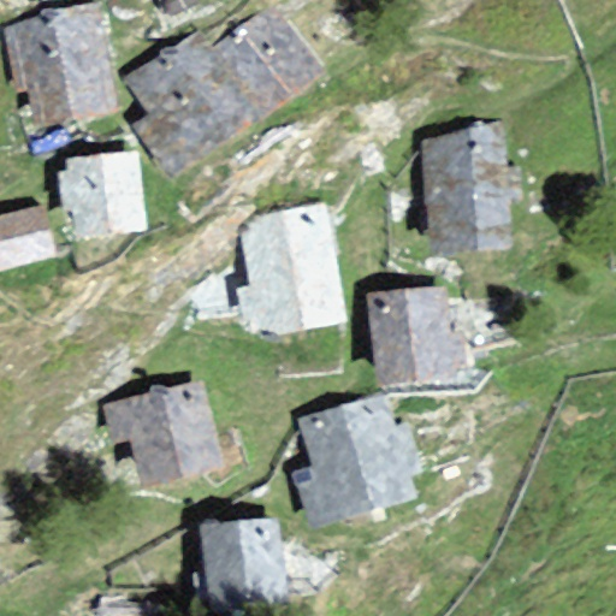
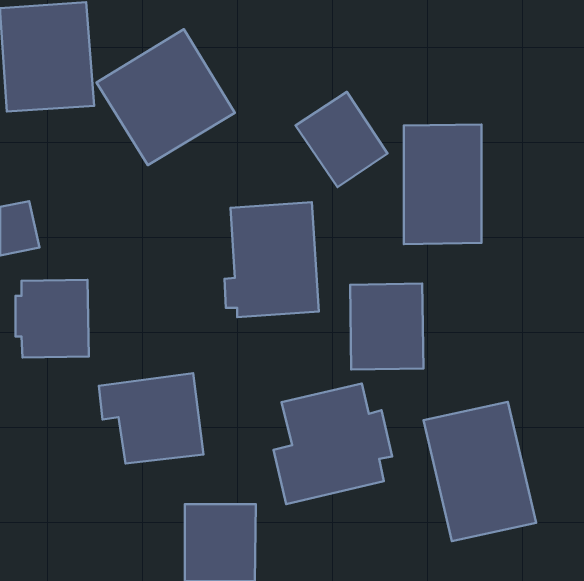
building: [221,7,316,106] -> [296,92,388,187]
building: [58,152,134,232] -> [16,280,89,358]
building: none -> [424,402,536,541]

